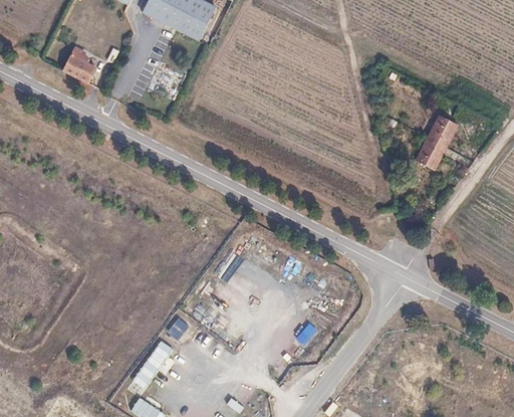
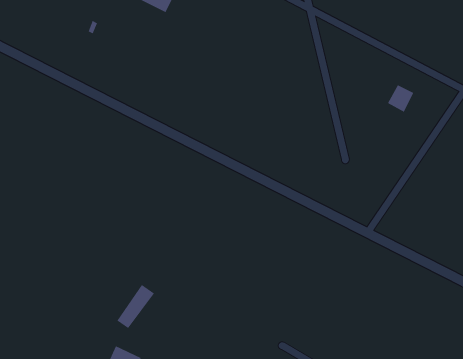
building: [65,48,96,80] -> none
building: [419,136,448,167] -> none

